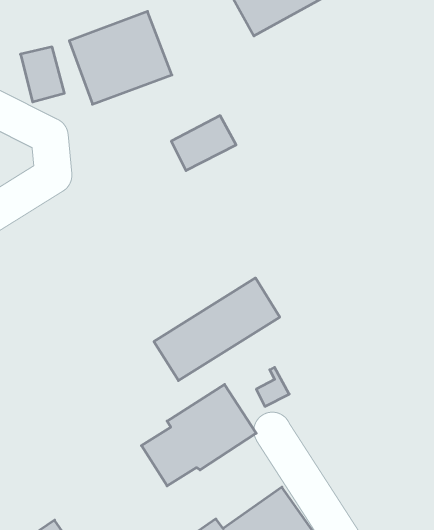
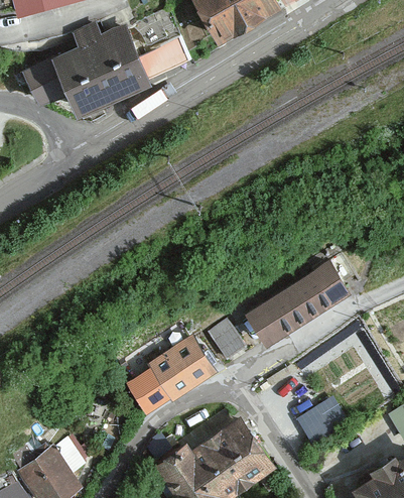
building: [171,116,236,171] -> [140,31,193,77]
building: [154,278,280,381] -> [246,263,350,348]
building: none -> [295,396,349,447]

